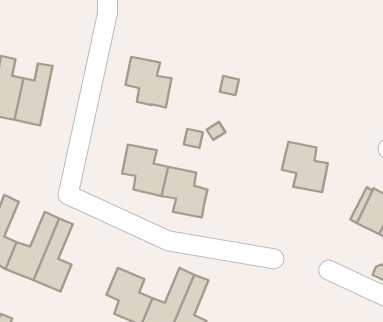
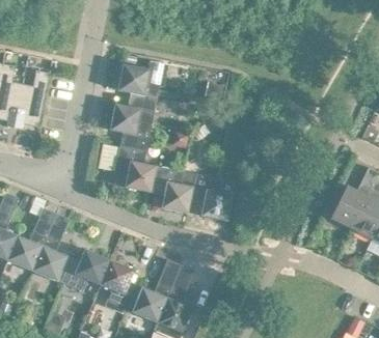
building: none -> [109,104,152,150]
building: [282,142,328,192] -> [190,174,233,221]
building: none -> [57,249,110,291]

